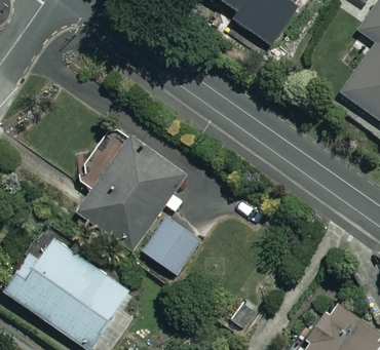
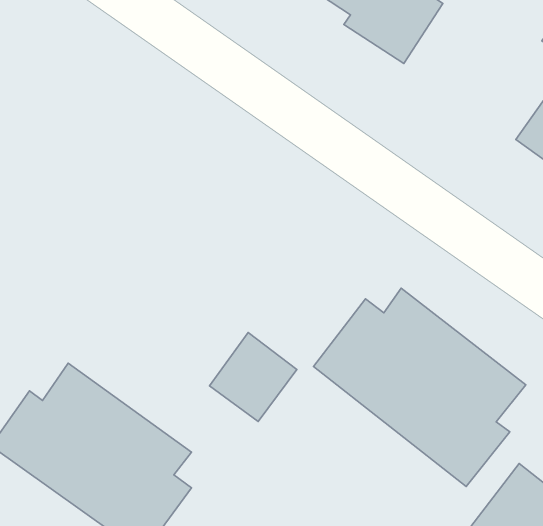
building: [73,122,193,247] -> none
building: none -> [313,288,526,487]

